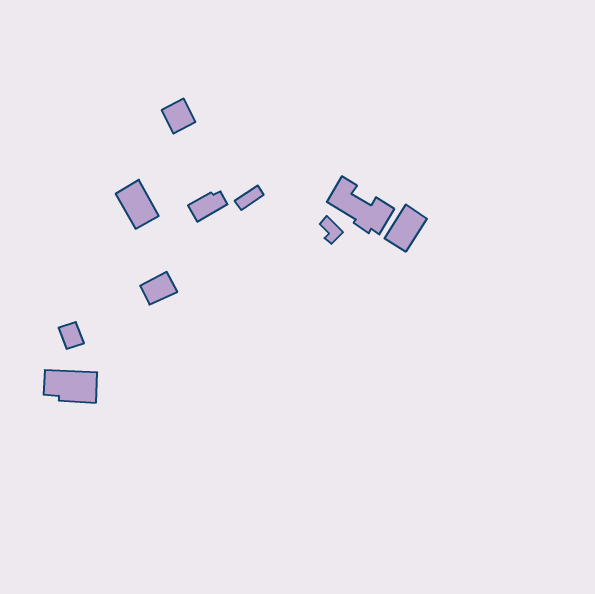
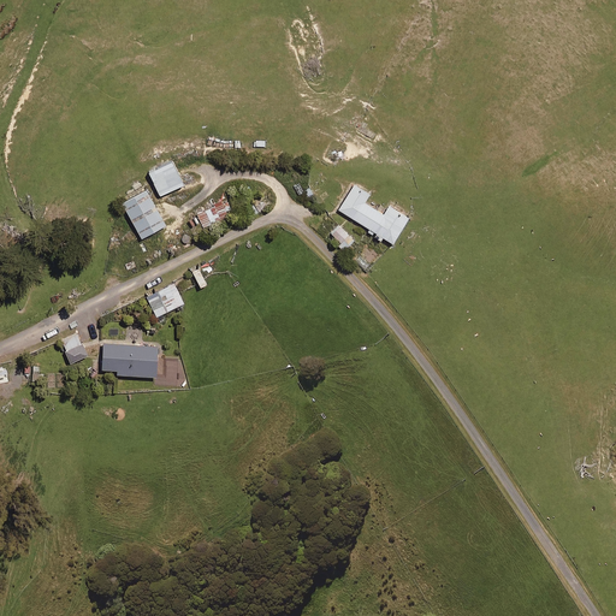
building: [162,99,195,134] -> [148,160,183,196]
building: [385,204,427,252] -> none
building: [44,370,97,403] -> [101,343,156,377]

